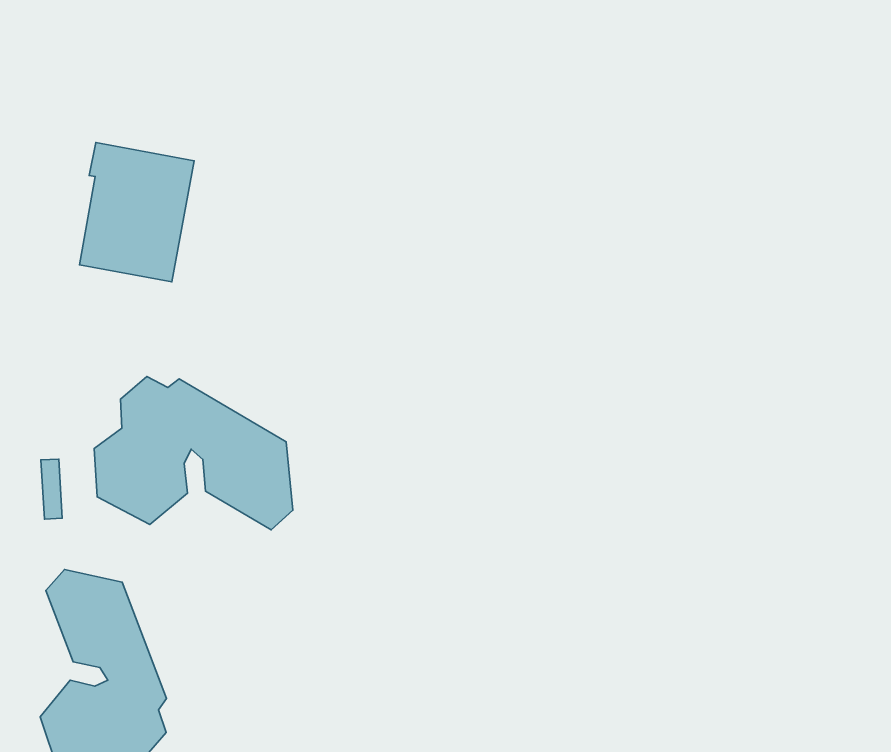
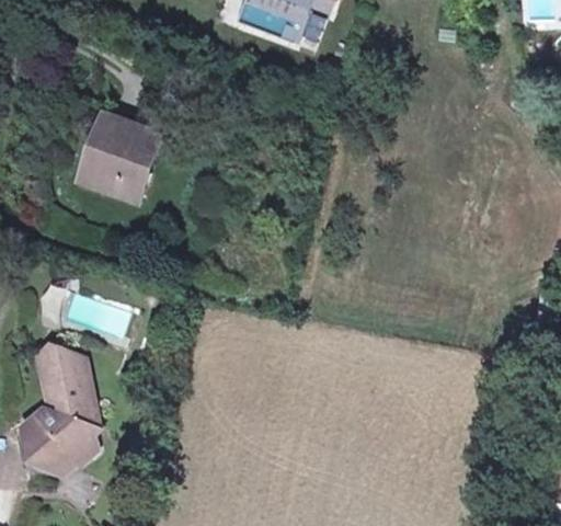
building: [94,376,293,530] -> none

